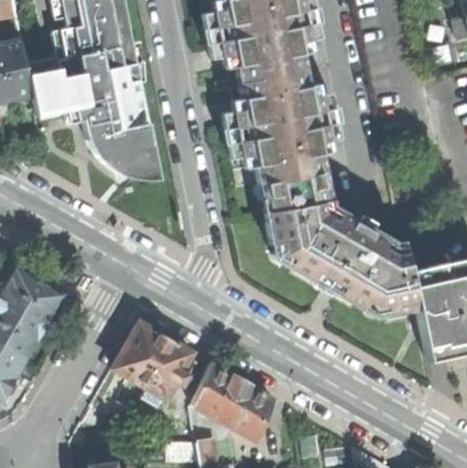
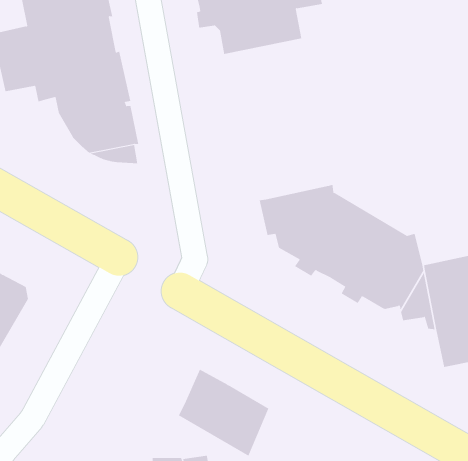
building: [222,69,340,212] -> none
building: [113,321,212,406] -> none

